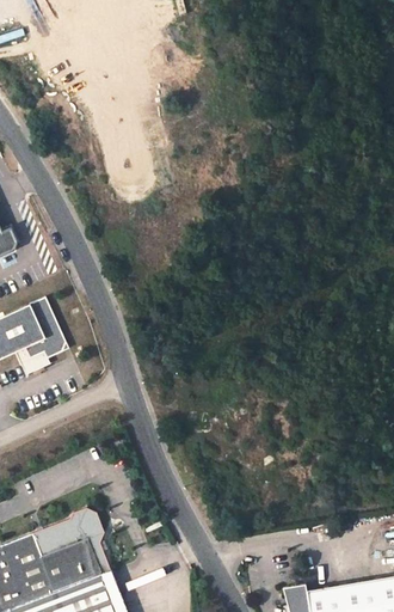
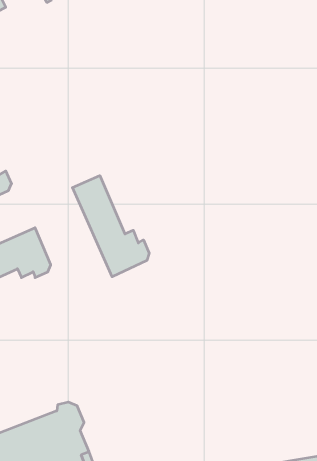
building: none -> [72,176,149,277]

